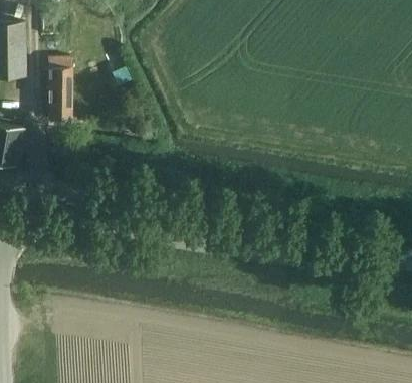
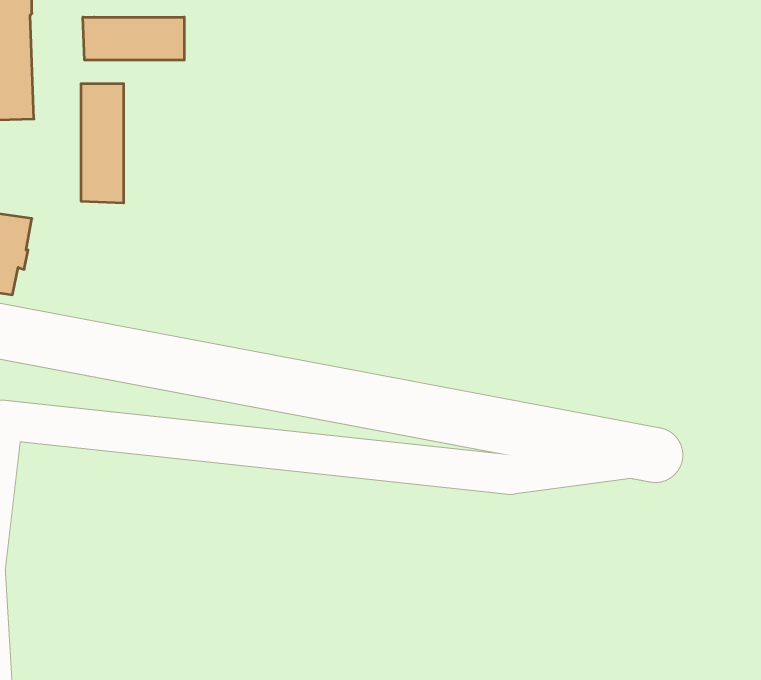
building: none -> [83,17,184,60]

